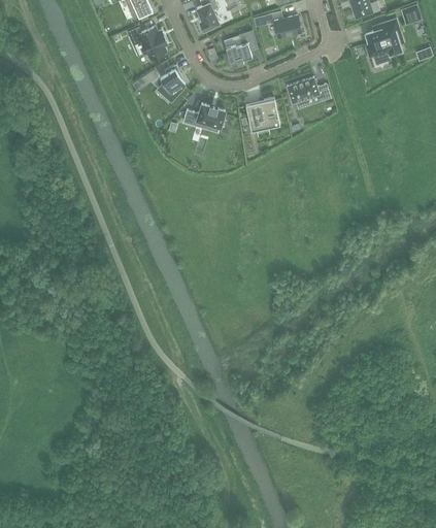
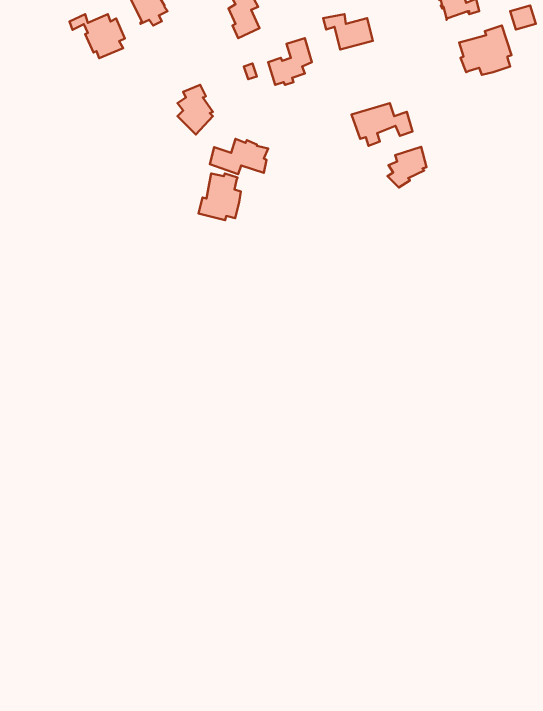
building: [127,27,167,59] -> [70,14,125,58]
building: [245,98,279,131] -> none
building: none -> [388,147,427,187]
building: none -> [199,173,241,220]

